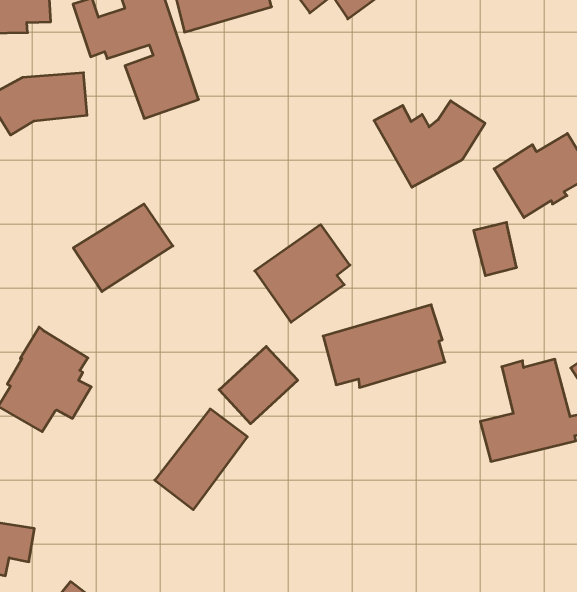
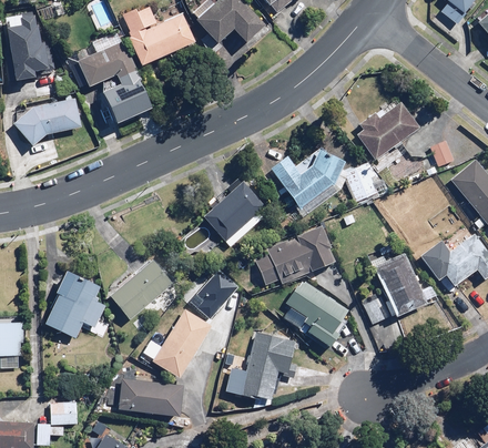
building: [374,101,485,187] -> [271,150,344,210]
building: [73,204,173,292] -> [109,258,174,319]
building: none -> [282,279,348,349]
building: none -> [226,333,295,401]
building: none -> [105,378,183,416]

